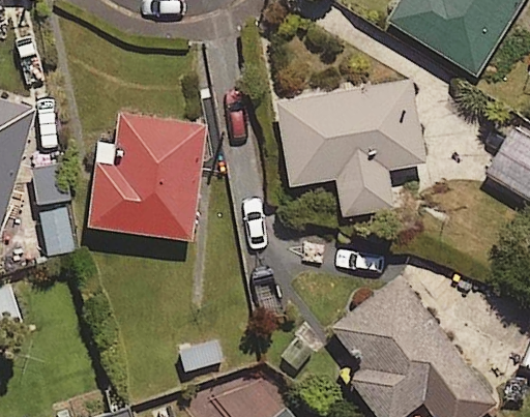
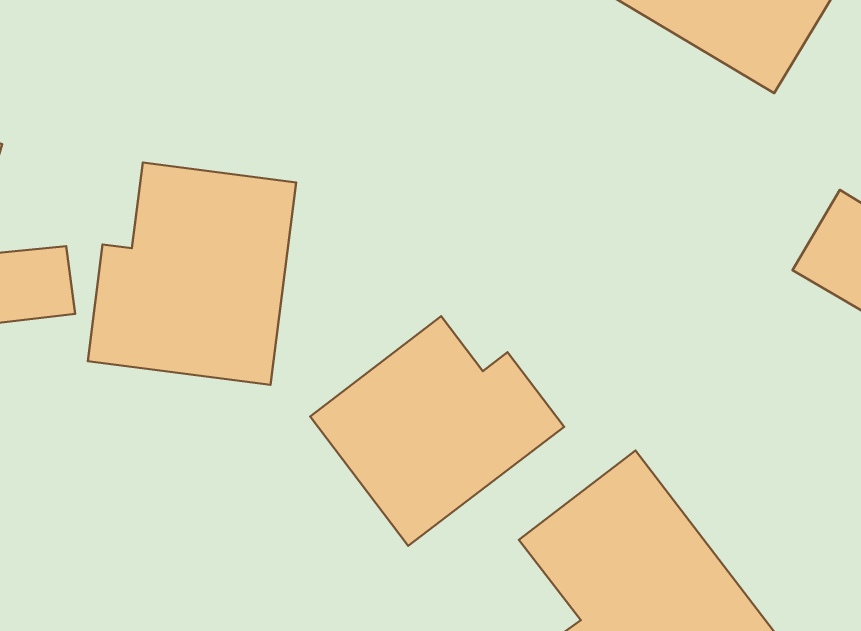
building: [275,81,423,215] -> none
building: none -> [310,316,564,546]

